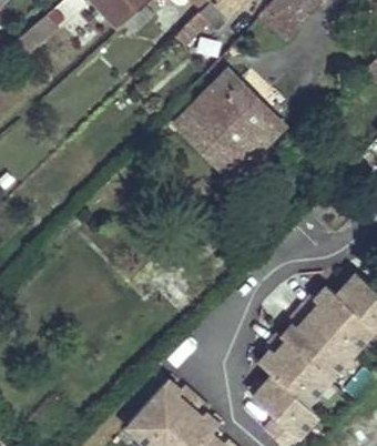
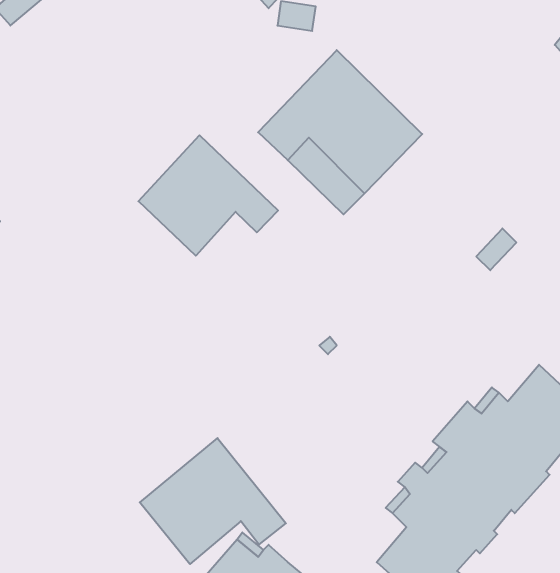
building: none -> [138,135,278,256]
building: none -> [140,438,286,564]

